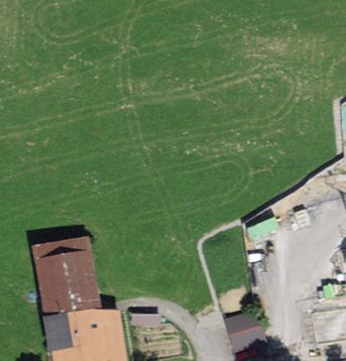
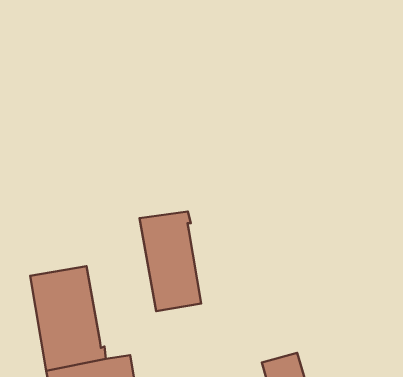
building: none -> [139,212,201,311]

